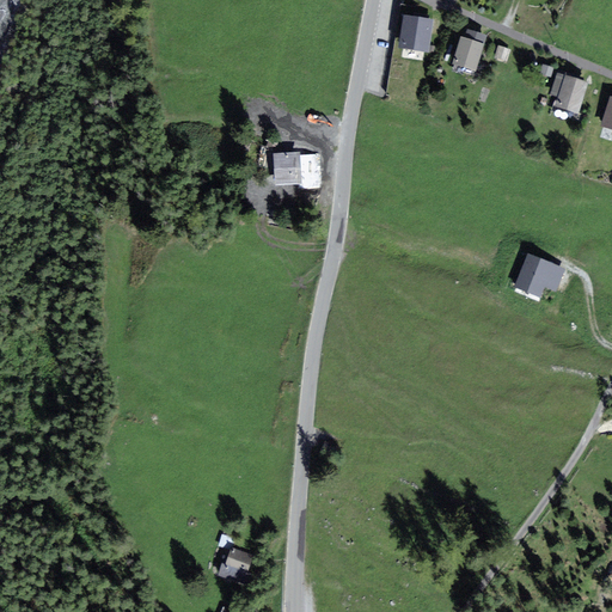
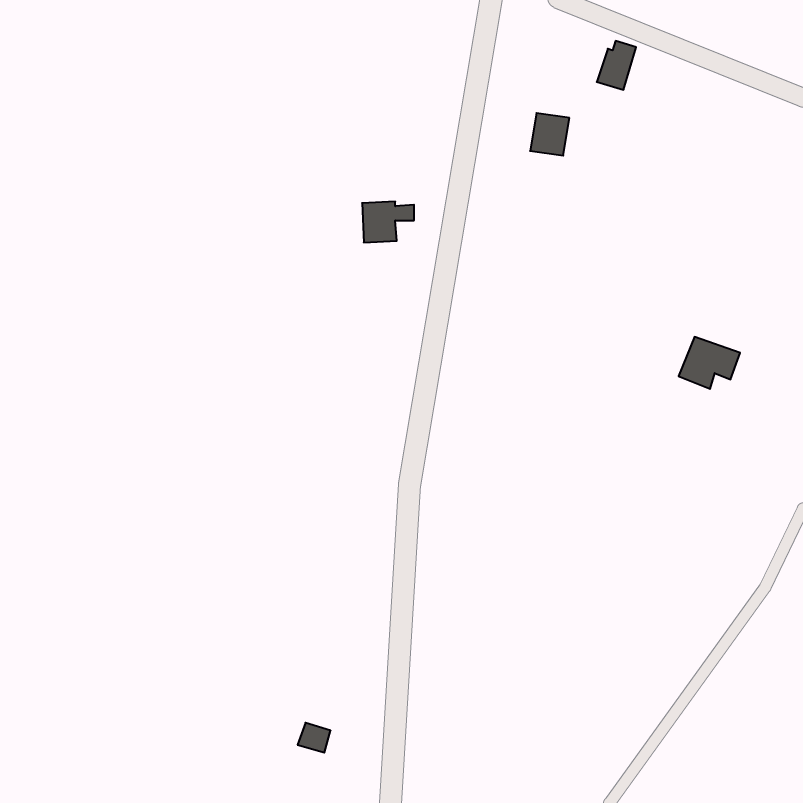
building: [400,18,430,50] -> [530,113,569,156]
building: [557,76,586,111] -> none

